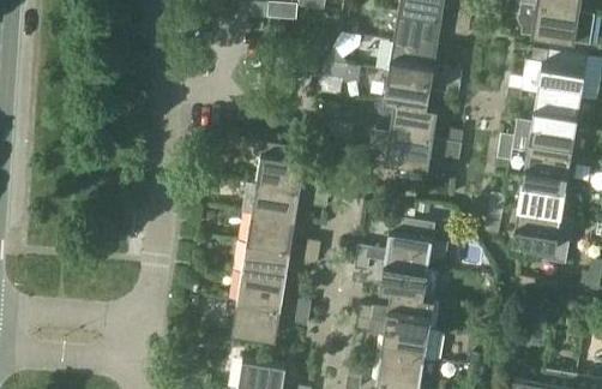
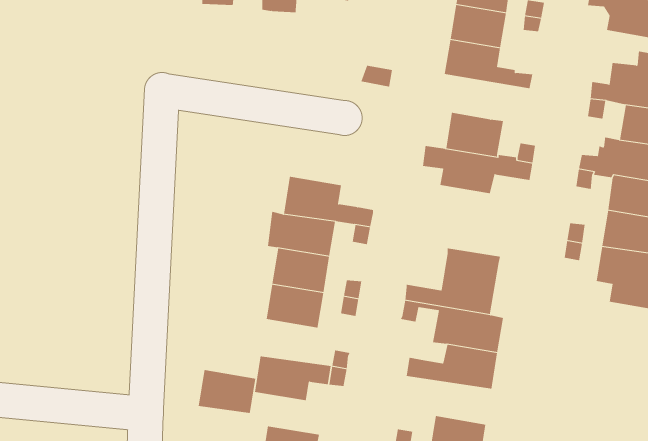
building: [384,71,459,108] -> none
building: [237,273,285,309] -> [198,370,256,413]
building: [355,319,438,360] -> none

